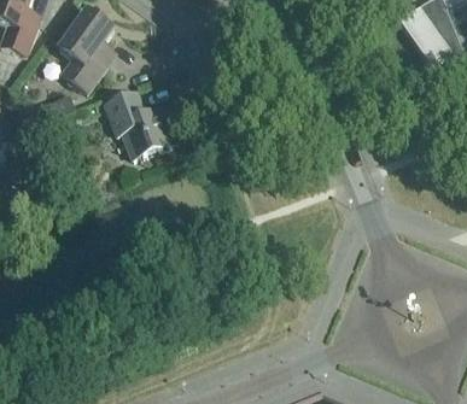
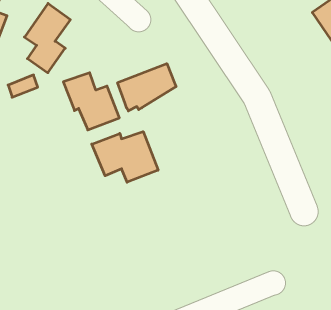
building: none -> [118,64,176,111]
building: none -> [92,132,158,182]

